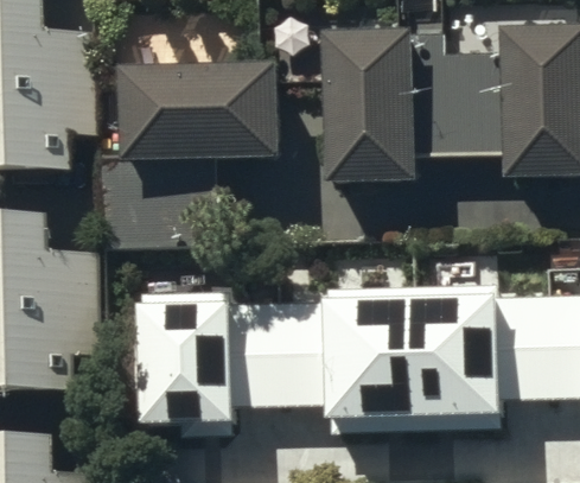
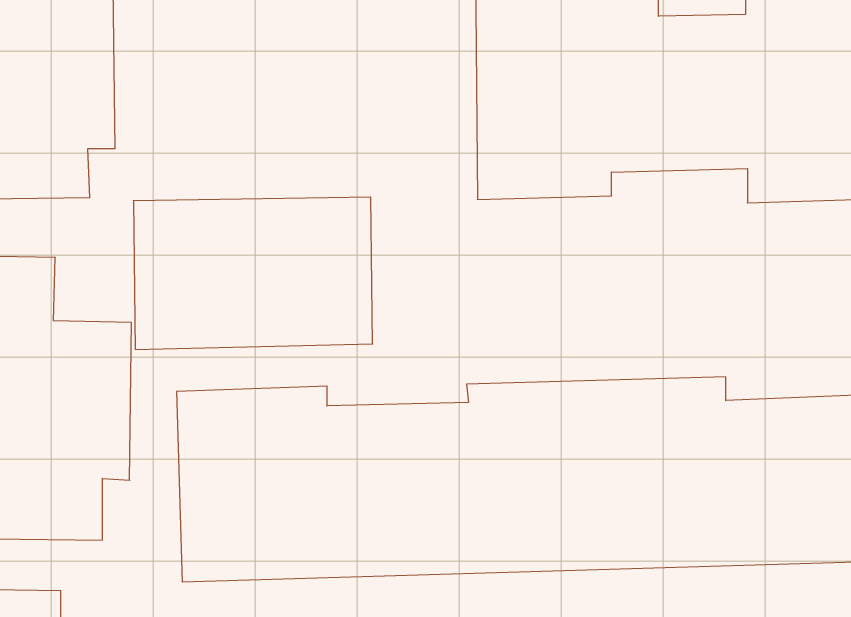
building: [116,58,273,158] -> [133,197,373,349]

